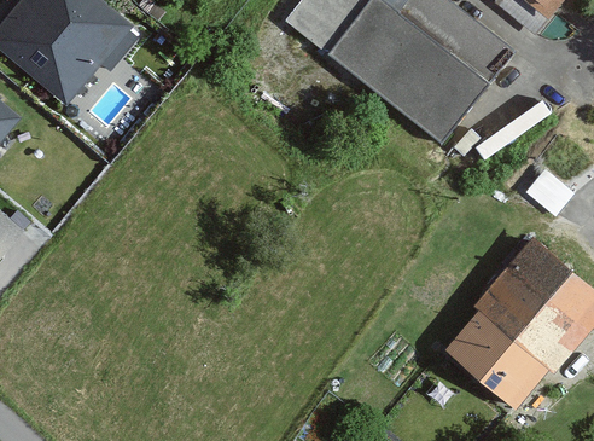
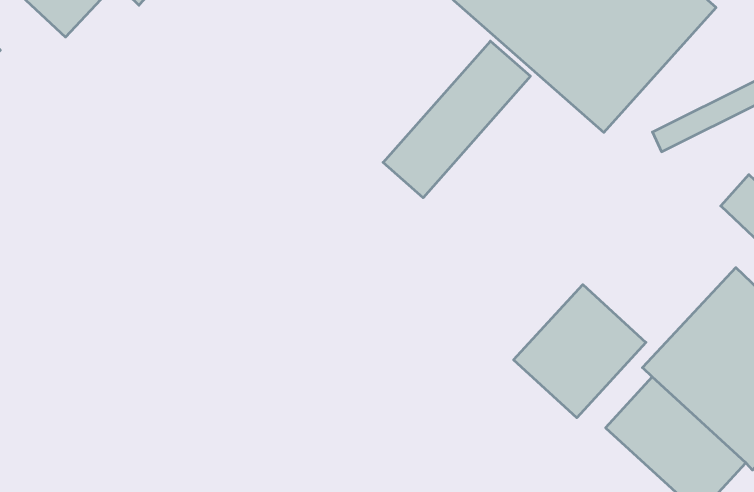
building: none -> [383,41,530,198]
building: none -> [514,285,646,418]

